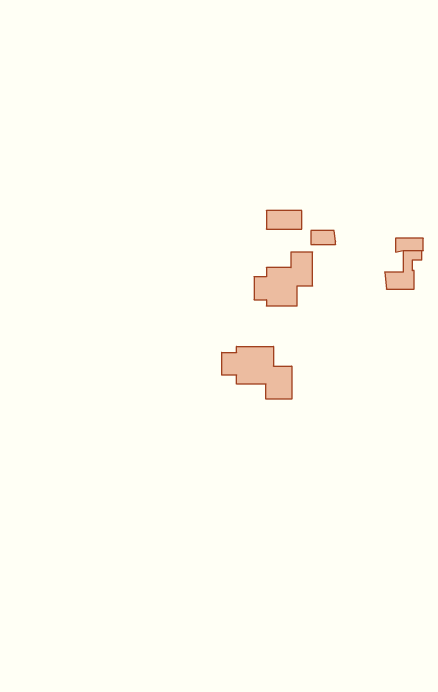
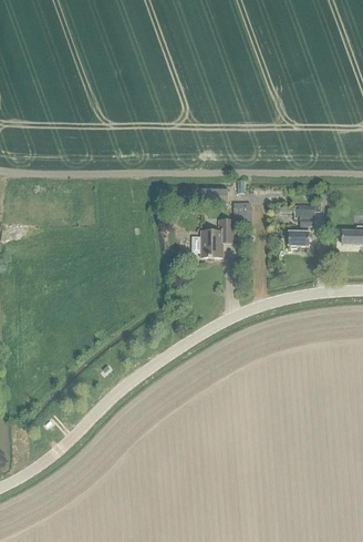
building: [222,346,292,399] -> none

